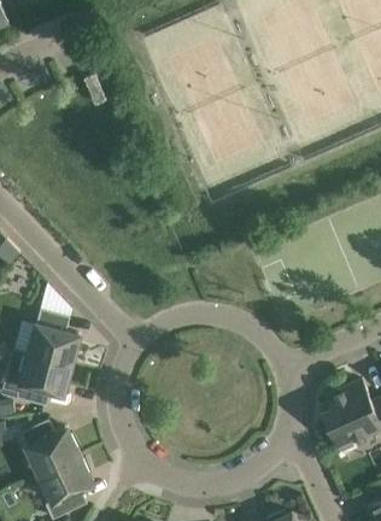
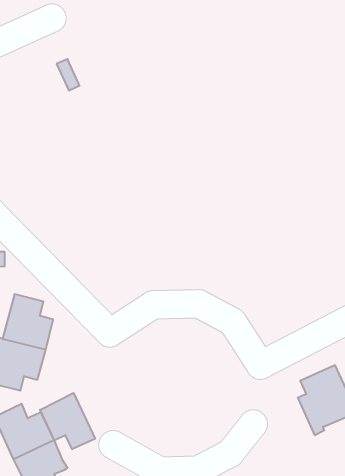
building: none -> [40,393,95,449]

